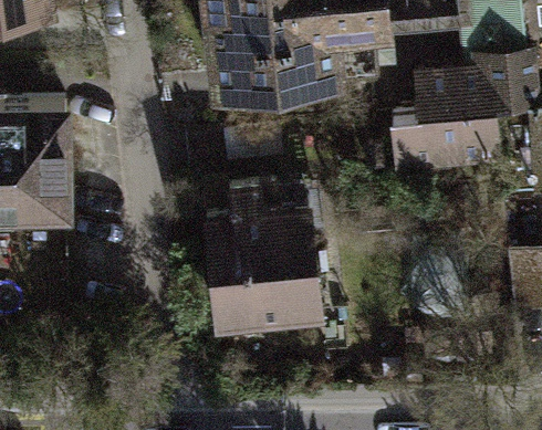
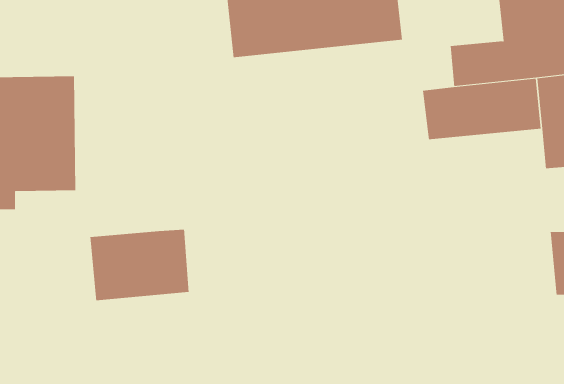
building: [207,191,323,329] -> none
building: none -> [90,229,189,301]

